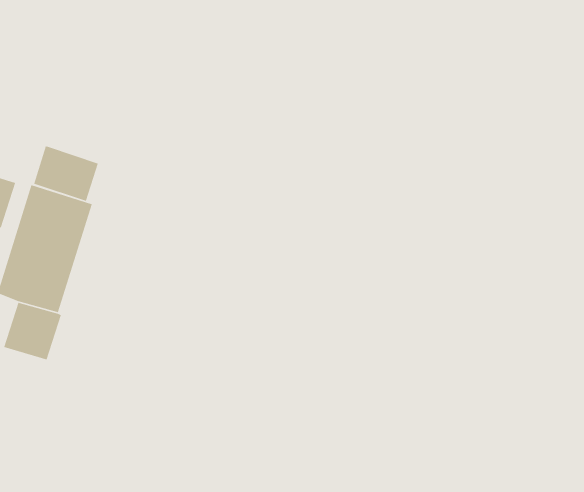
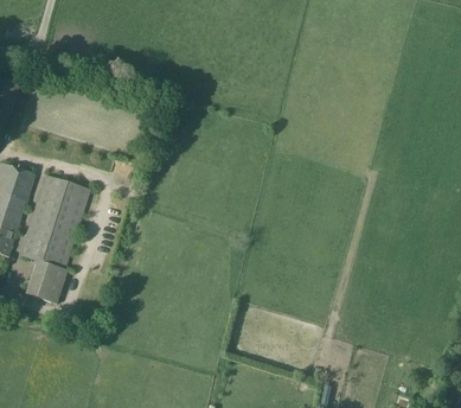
building: [33,146,99,202] -> none

